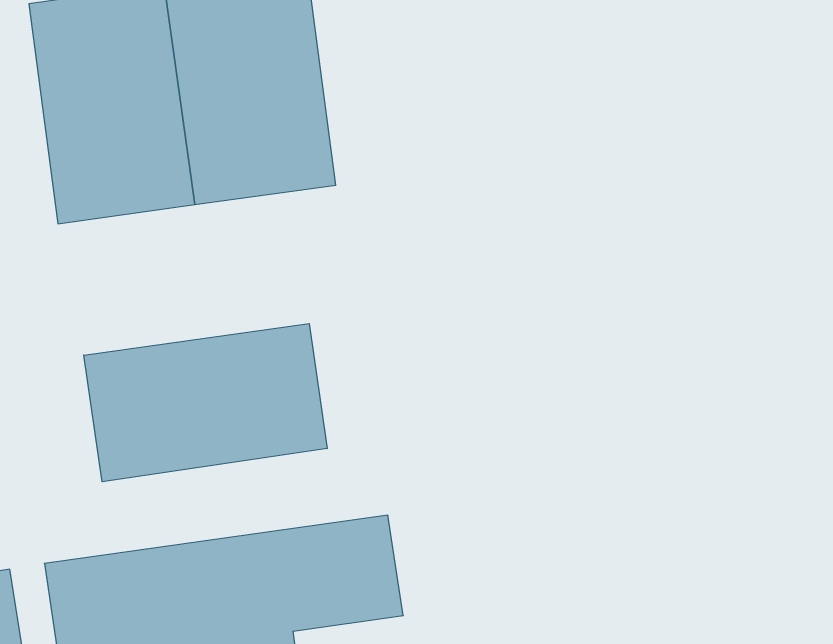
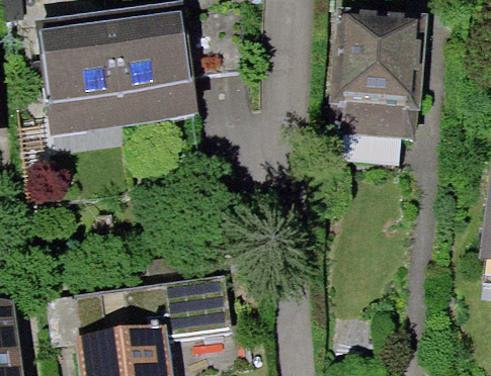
building: none -> [347,28,434,158]
building: [84,324,327,482] -> none

